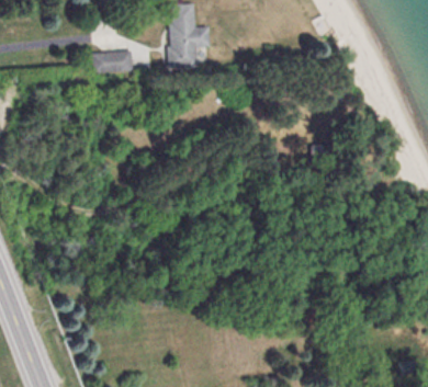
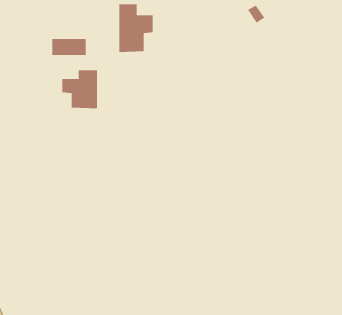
building: none -> [62,69,98,109]

